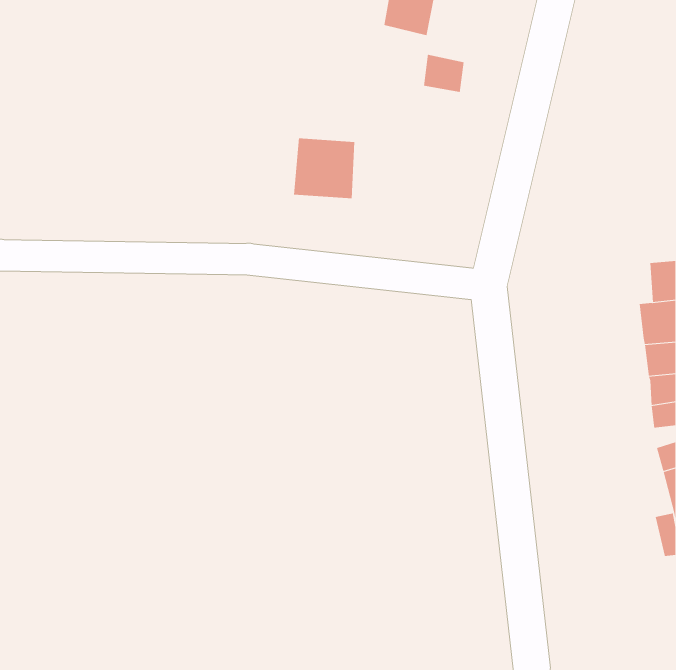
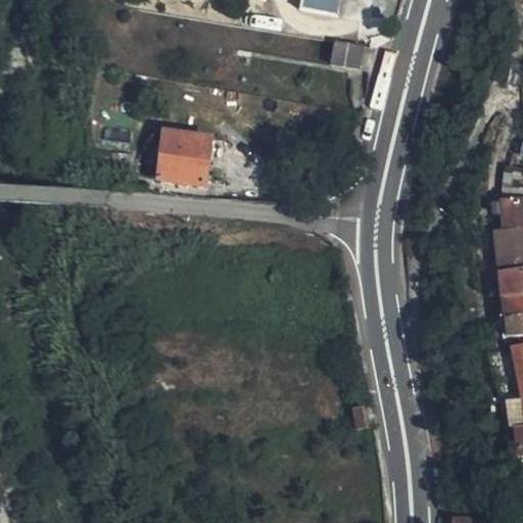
building: [293,138,355,199] -> [163,127,211,174]

